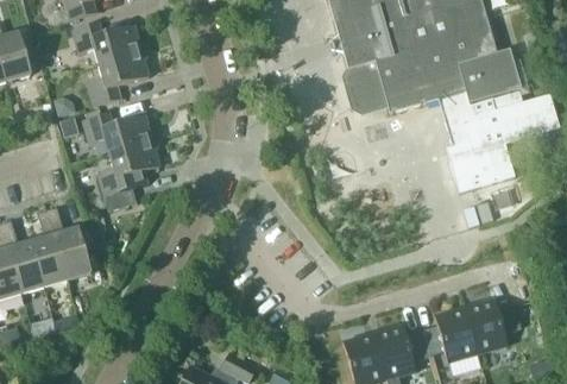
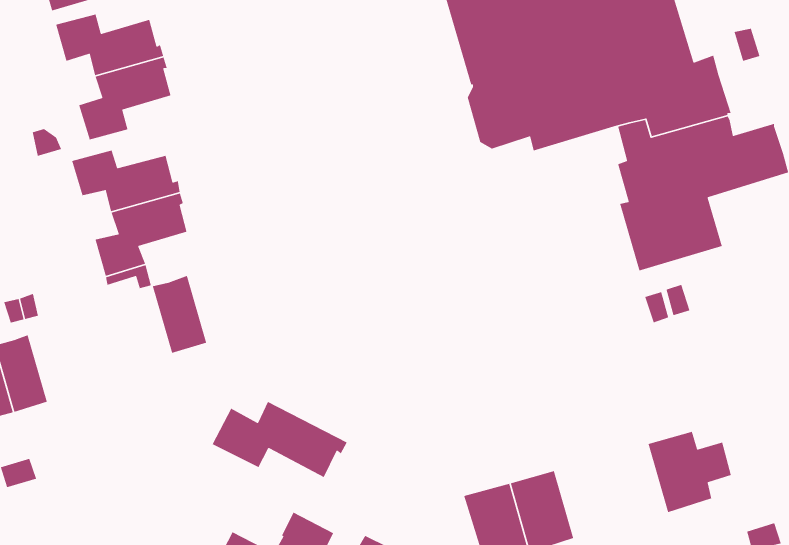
building: [53,226,90,278] -> [152,275,207,354]
building: none -> [212,401,348,478]
building: [422,306,478,360] -> none

